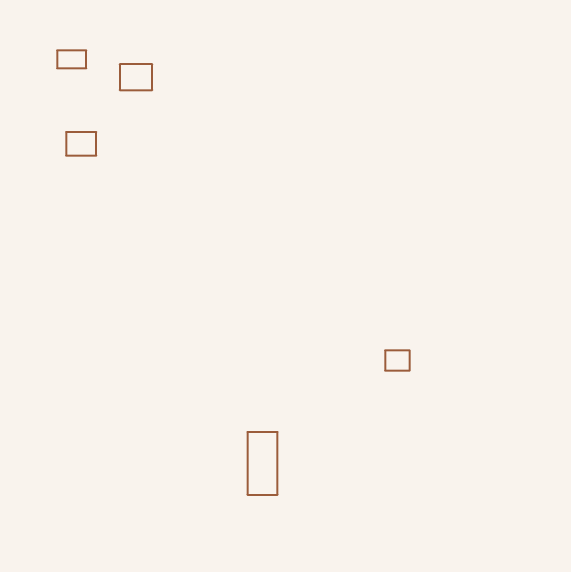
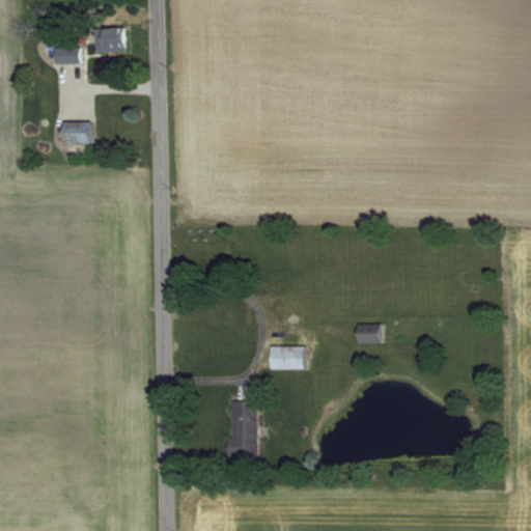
building: [120,64,152,90] -> [95,28,125,52]
building: none -> [269,345,303,369]

